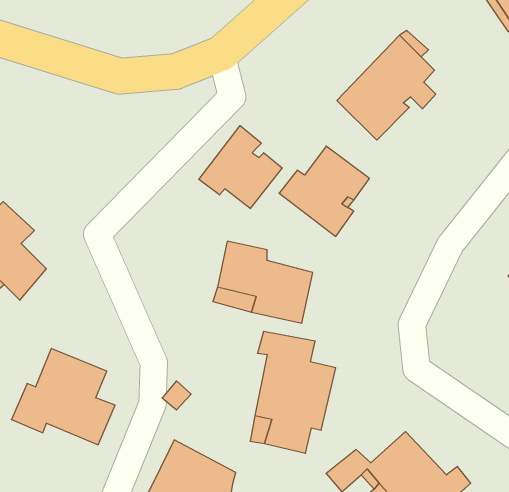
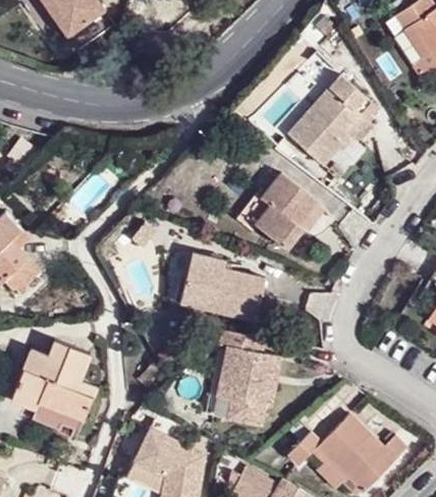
building: [199,126,282,209] -> none
building: none -> [33,404,85,436]

